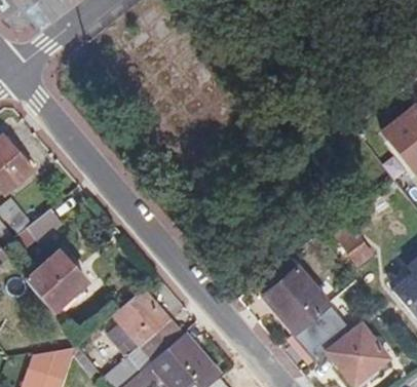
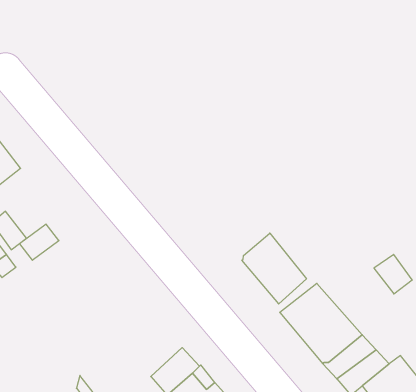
building: none -> [242,233,306,304]
building: [30,255,88,313] -> none
building: [106,287,168,350] -> none

